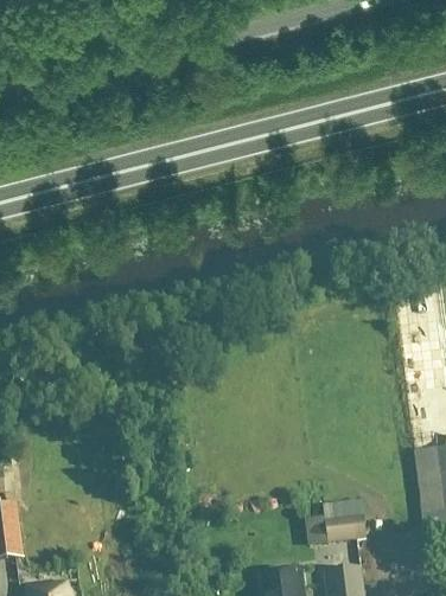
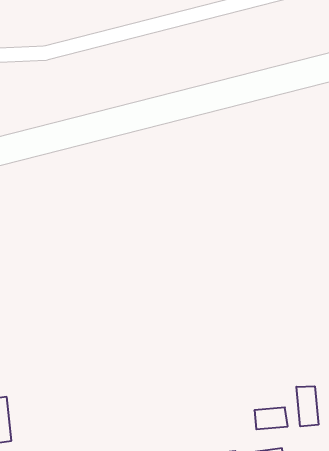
building: none -> [296,386,318,426]

